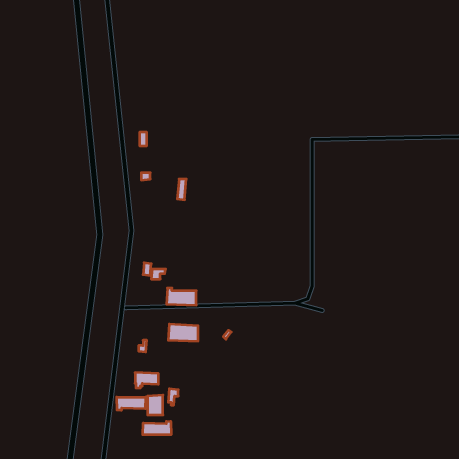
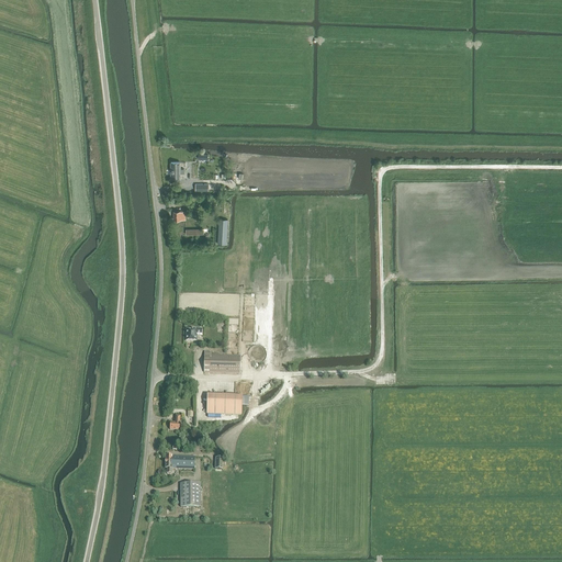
building: [117,397,146,410] -> none
building: [143,421,171,435] -> none

